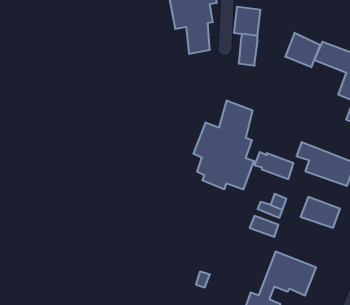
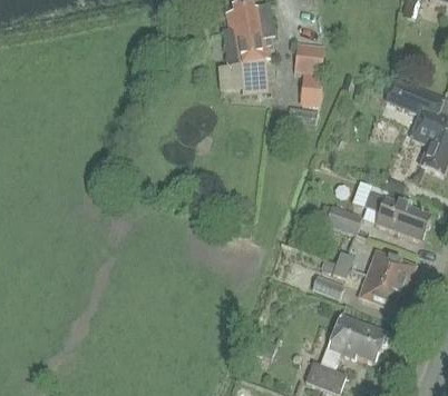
building: [285,33,320,67] -> none
building: [194,100,254,189] -> none
building: none -> [360,274,405,308]

